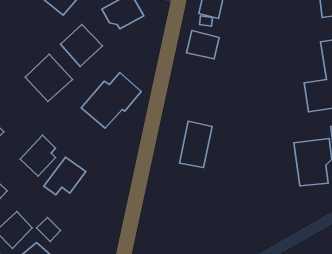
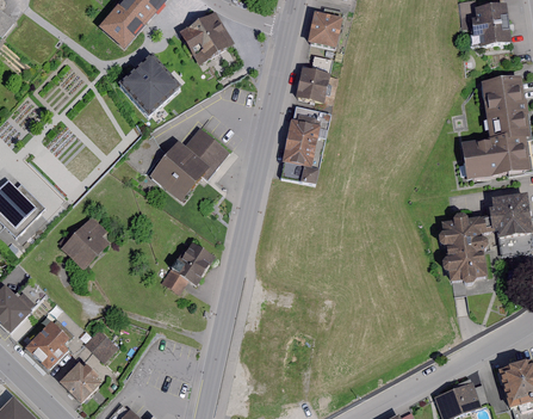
building: [25,54,73,102] -> none
building: [179,121,212,168] -> [283,107,328,172]
building: [44,157,86,195] -> [157,235,216,288]

